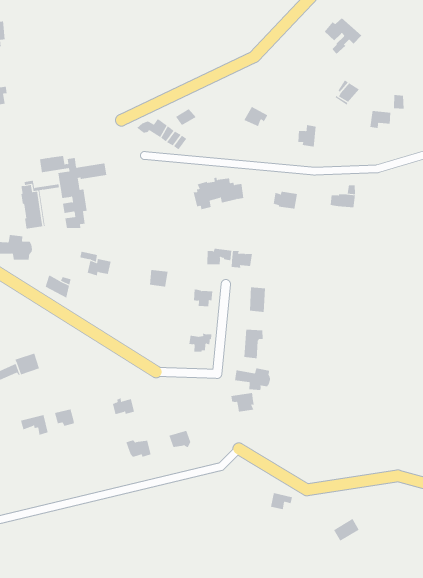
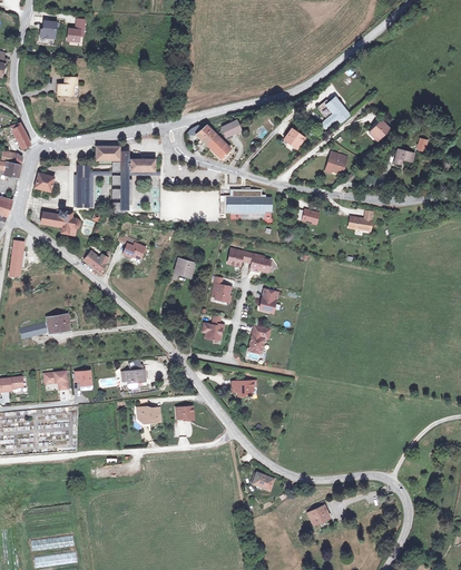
building: [324,17,362,55] -> [316,96,350,128]
building: [234,367,271,391] -> none

